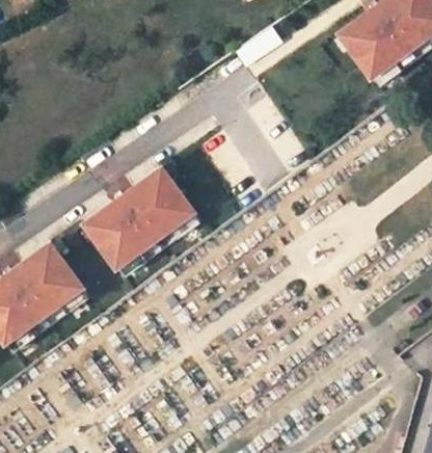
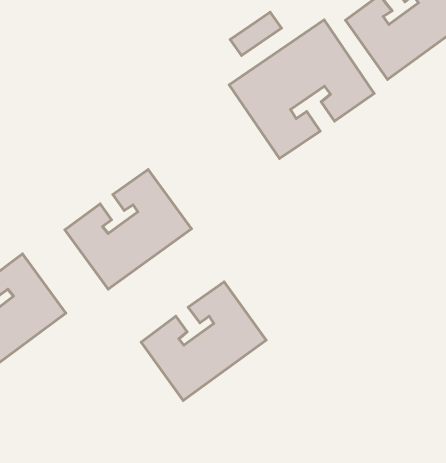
building: none -> [229,20,374,159]
building: none -> [141,282,266,401]

